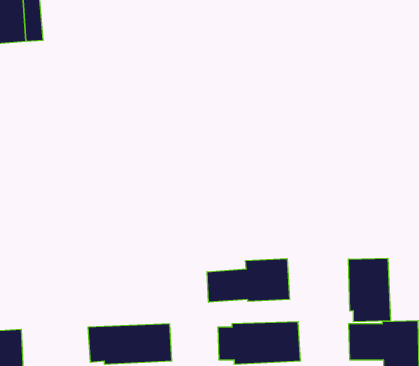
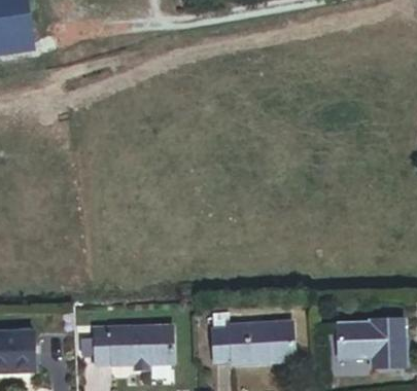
building: [348,258,391,322] -> none
building: [207,259,290,302] -> none

